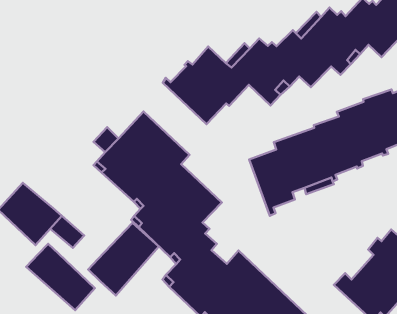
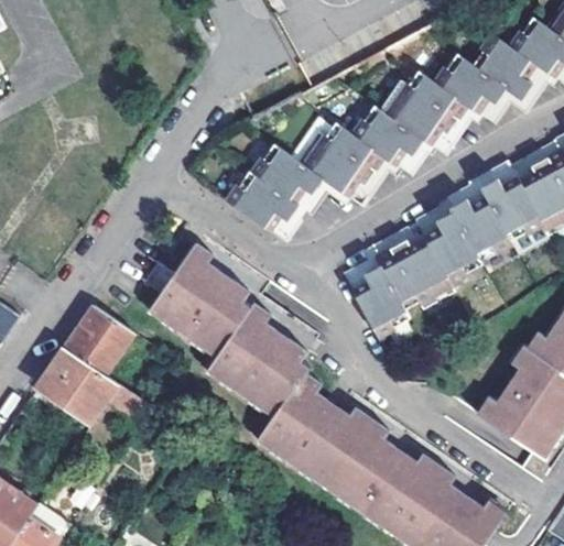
building: none -> [63,303,133,372]
building: [88,223,159,295] -> none
building: [26,244,95,310] -> none

